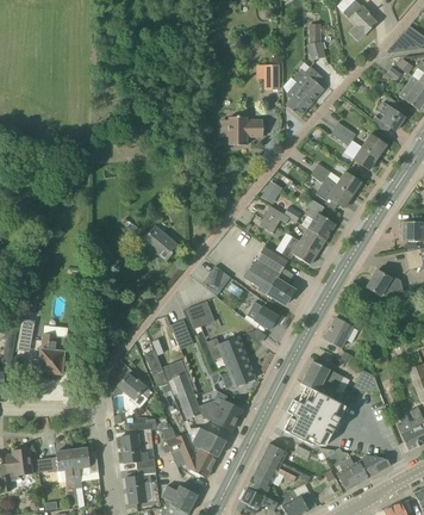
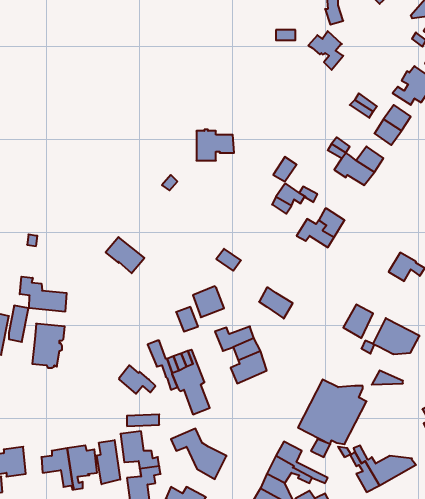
building: [286,81,313,117] -> none
building: [229,116,263,144] -> [196,130,234,161]
building: [306,199,335,240] -> none
building: [142,227,177,260] -> [106,237,144,273]
building: [243,247,294,305] -> none
building: none -> [20,277,67,312]
building: [300,360,343,393] -> [373,318,420,354]
building: [200,401,241,430] -> none
building: [186,427,225,457] -> none
building: none -> [97,440,120,484]

